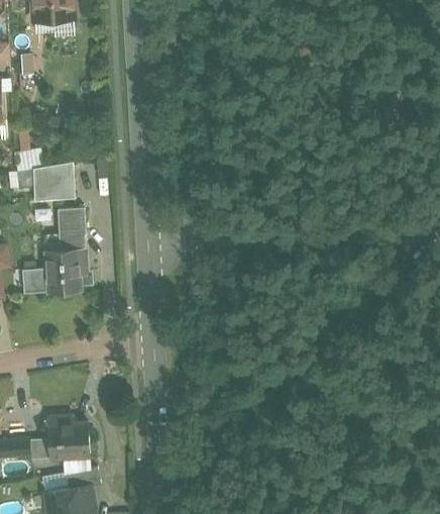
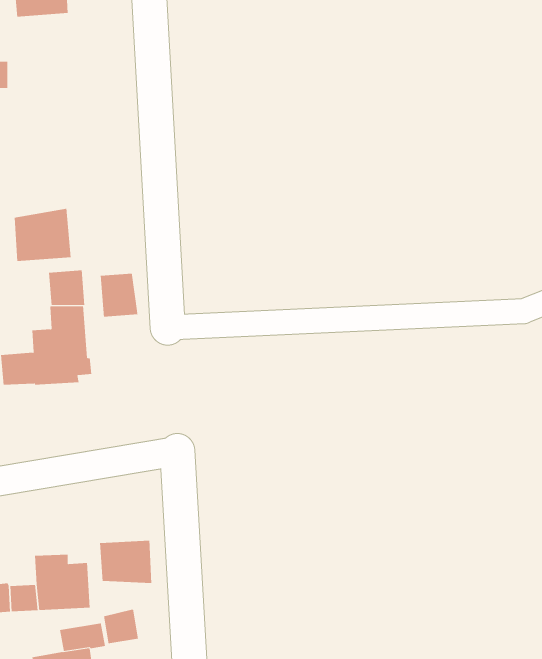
building: none -> [100,273,138,318]
building: none -> [100,540,152,584]
building: none -> [104,609,139,644]

